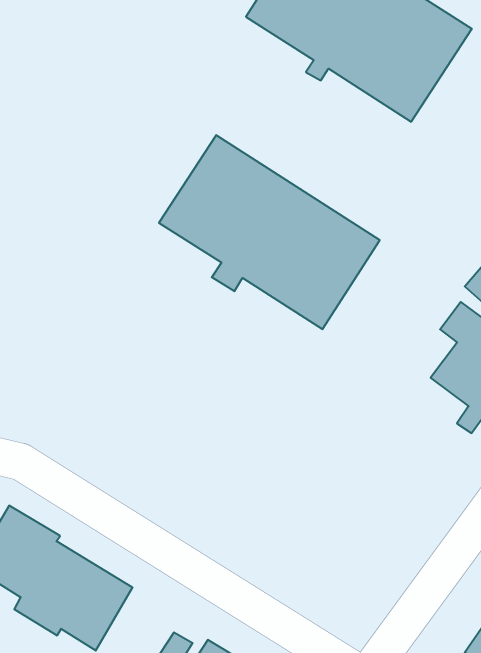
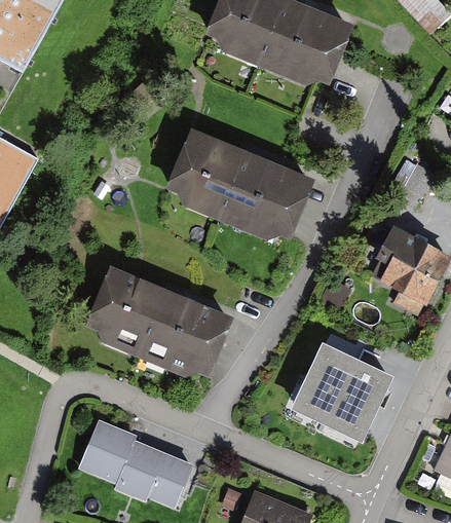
building: none -> [83,262,234,380]
building: none -> [289,337,389,437]

